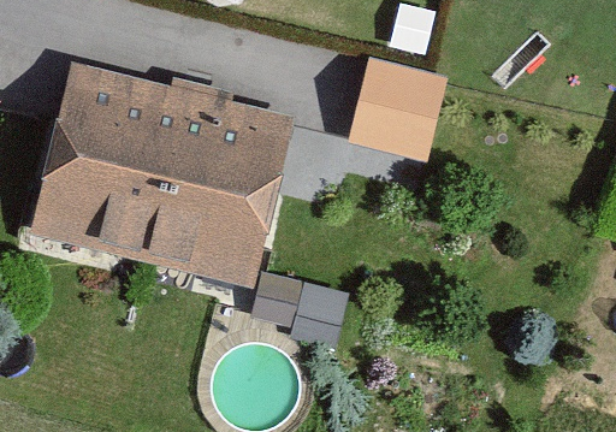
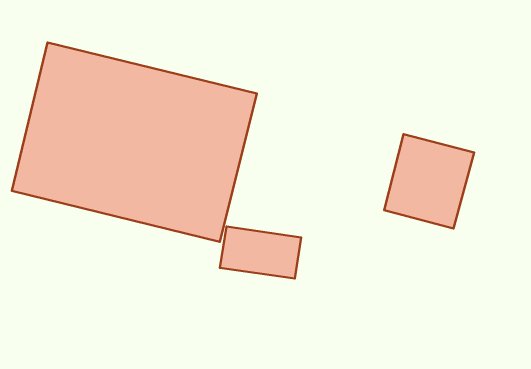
building: [349,58,449,162] -> [384,134,474,228]

